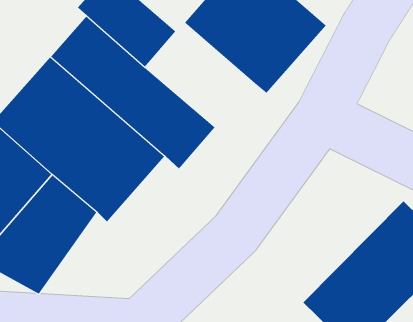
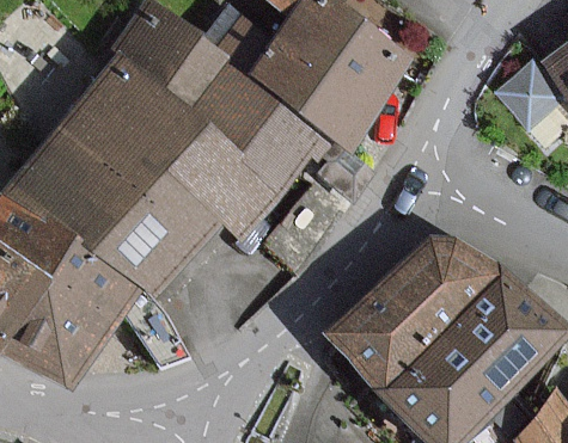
building: none -> [197,60,328,185]
building: none -> [329,240,506,394]

